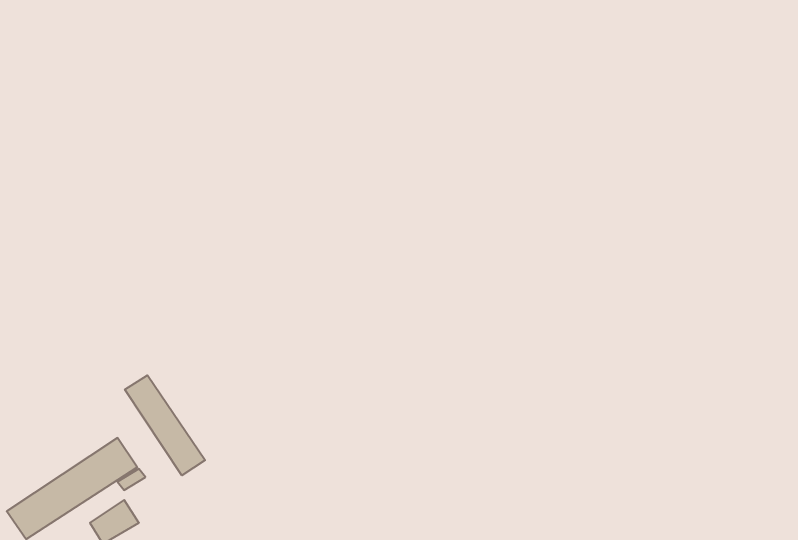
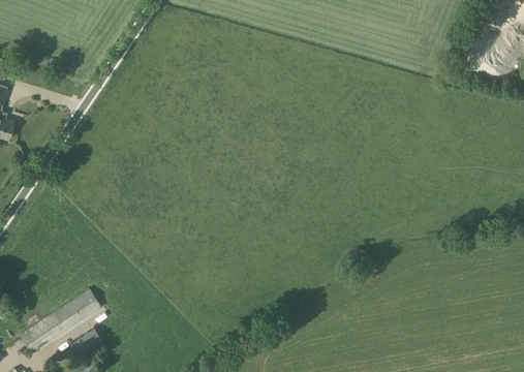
building: [125,375,205,475] -> none

